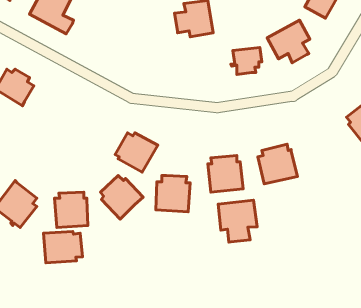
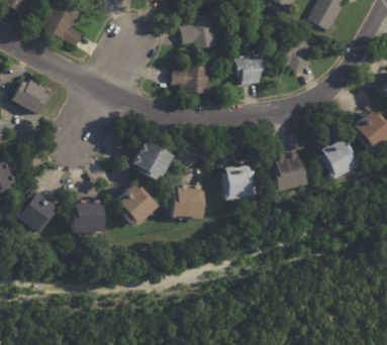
building: none -> [177,63,216,94]
building: none -> [314,138,357,180]
building: [218,200,257,242] -> none
building: [43,231,83,263] -> none

